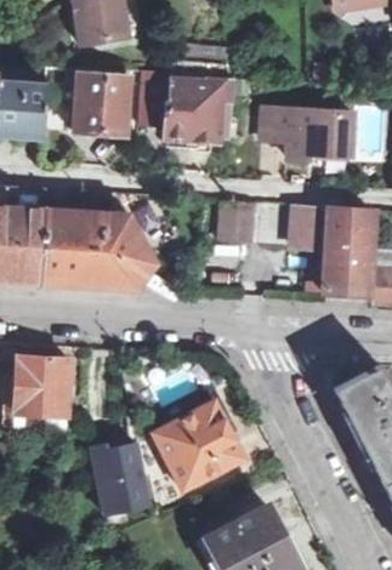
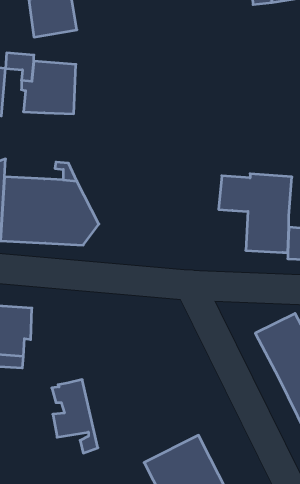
building: [137,70,235,148] -> none
building: [266,106,352,156] -> none
building: [218,199,251,243] -> none
building: [153,399,242,488] -> none

